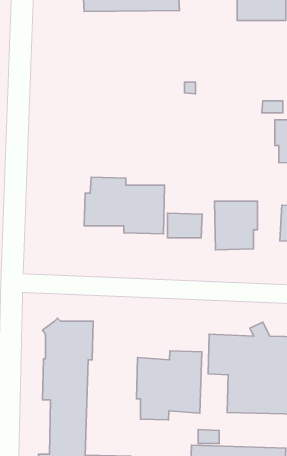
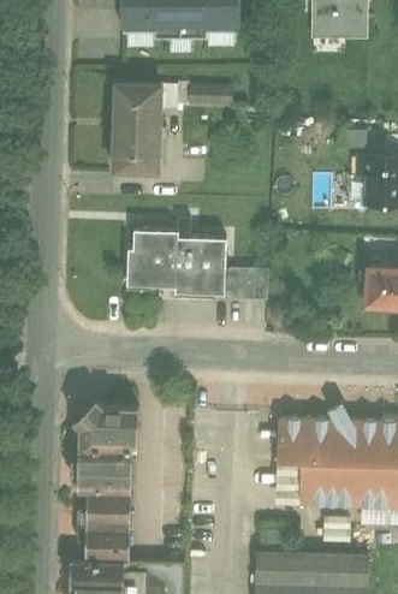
building: none -> [111,76,232,171]
building: [215,201,258,250] -> none
building: [136,351,202,420] -> none

